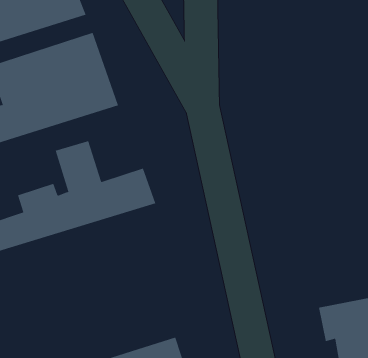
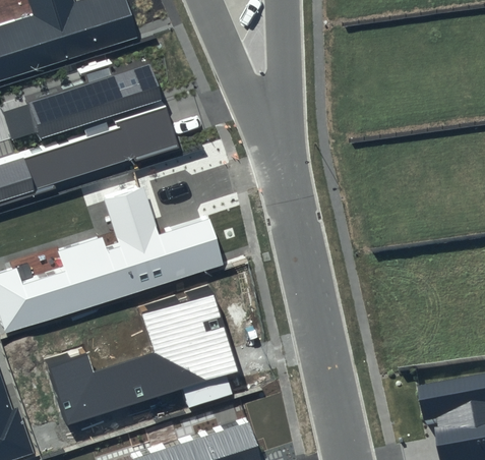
building: none -> [46,289,236,423]

